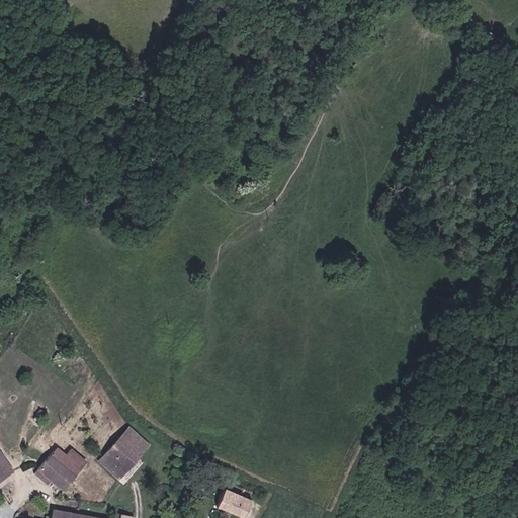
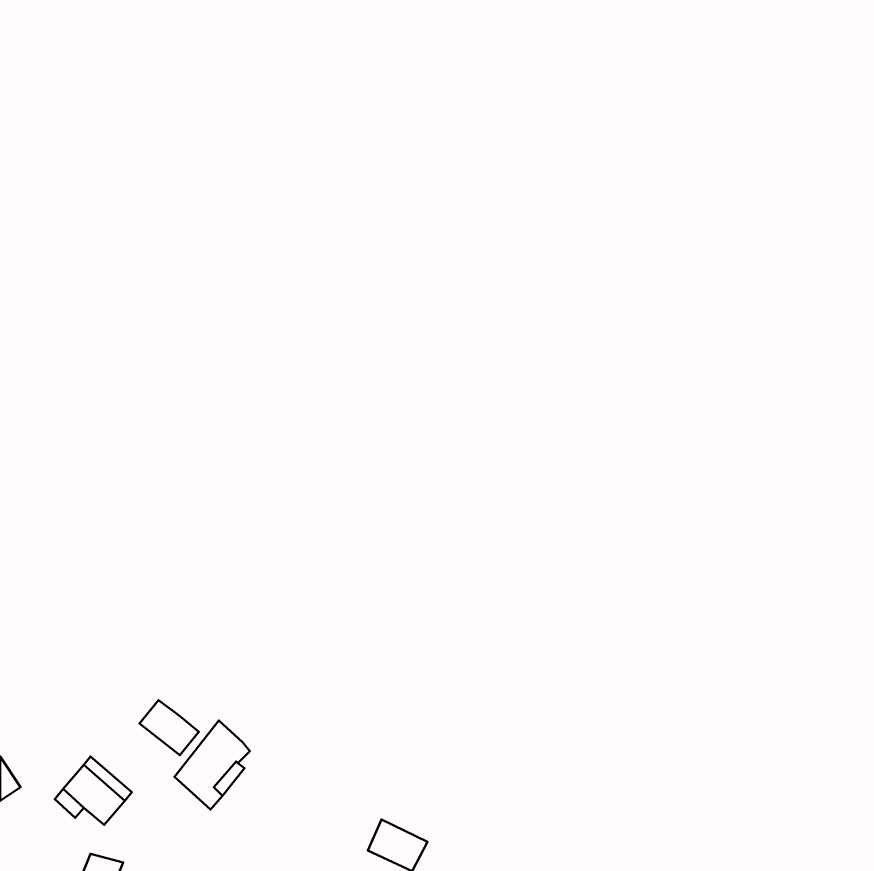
building: none -> [140,700,199,755]

